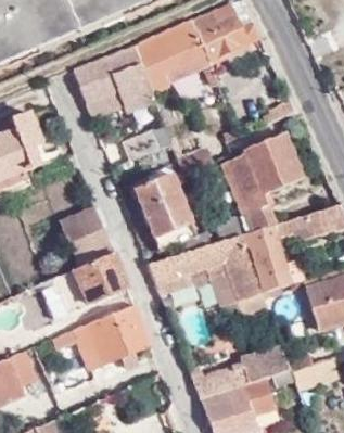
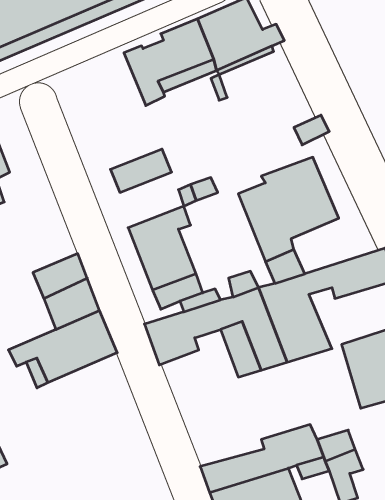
building: [76,47,153,114] -> none
building: [51,305,150,372] -> none

